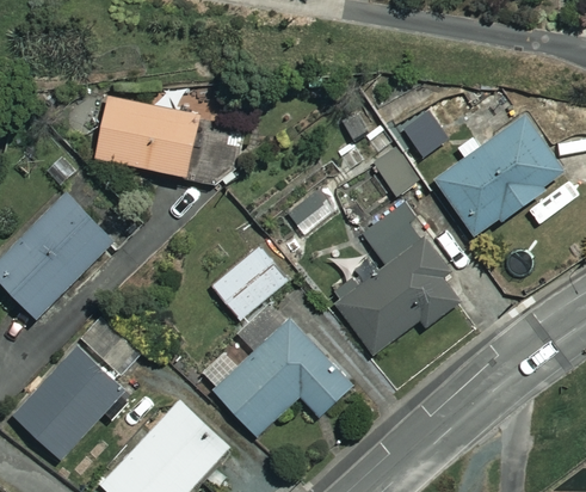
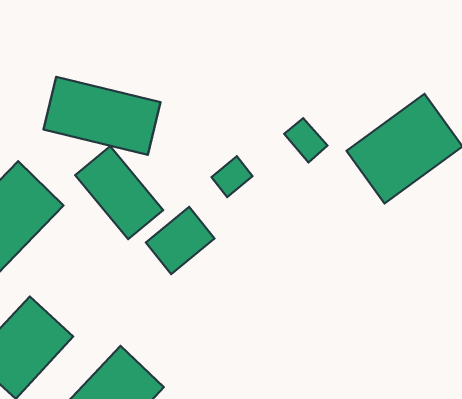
building: none -> [75,146,163,239]
building: [328,203,468,353] -> none
building: [198,299,353,435] -> none

